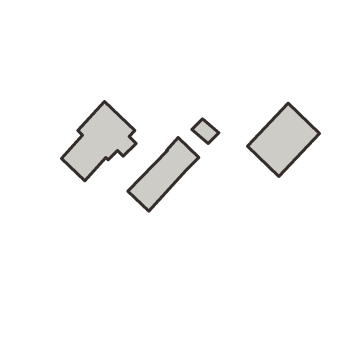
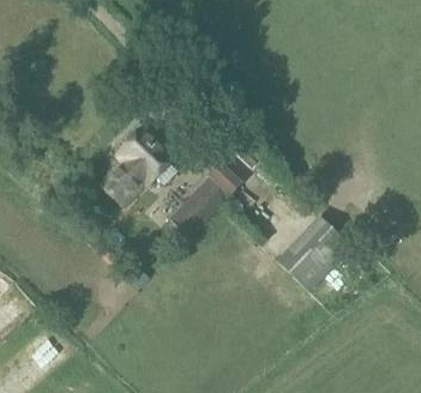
building: [247,103,320,176] -> [276,216,350,291]

